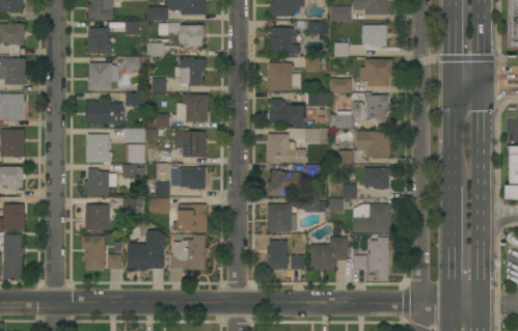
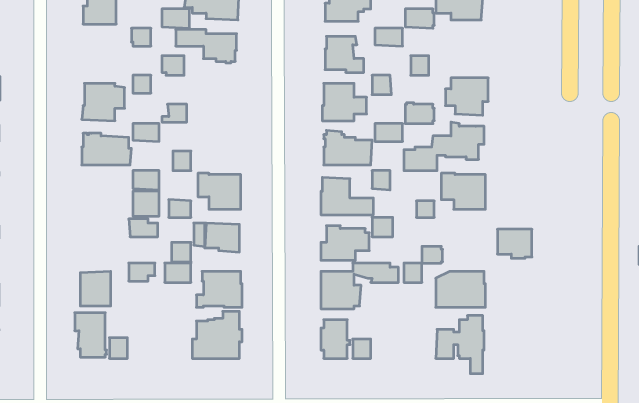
building: [362,25,387,48] -> none
building: [87,28,111,55] -> none
building: [174,59,206,86] -> none
building: [176,94,208,122] -> none
building: [87,135,111,162] -> none
building: [363,168,389,190] -> [497,229,532,258]
building: [84,169,117,195] -> none
building: [128,231,167,269] -> none
building: [310,238,348,270] -> none

